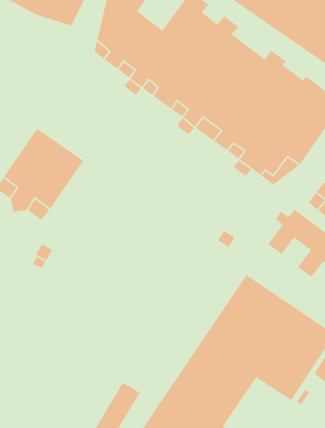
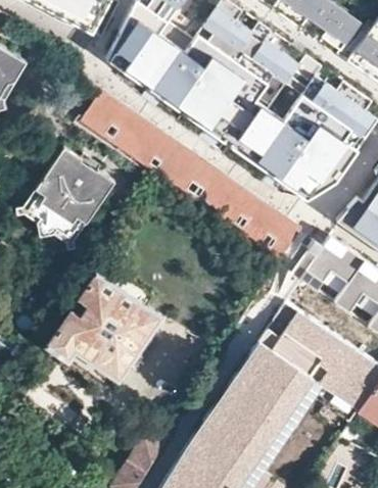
building: none -> [84,96,301,257]
building: none -> [47,274,160,381]

